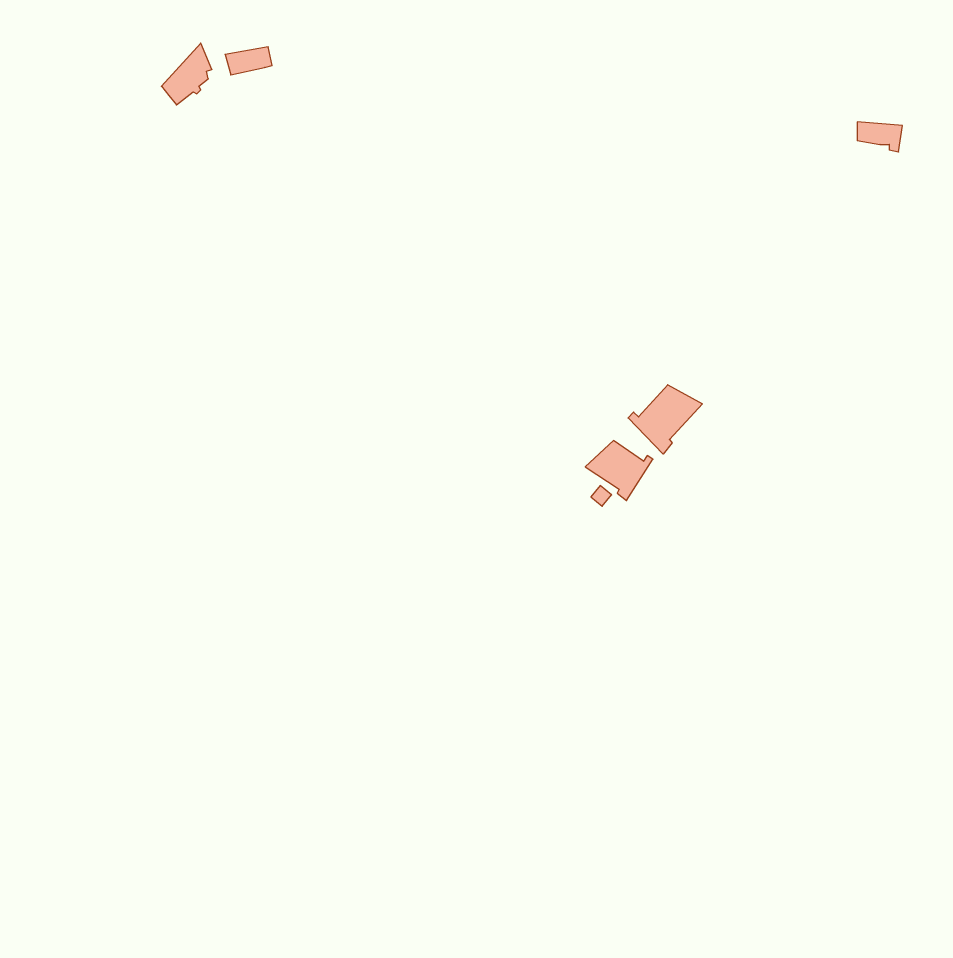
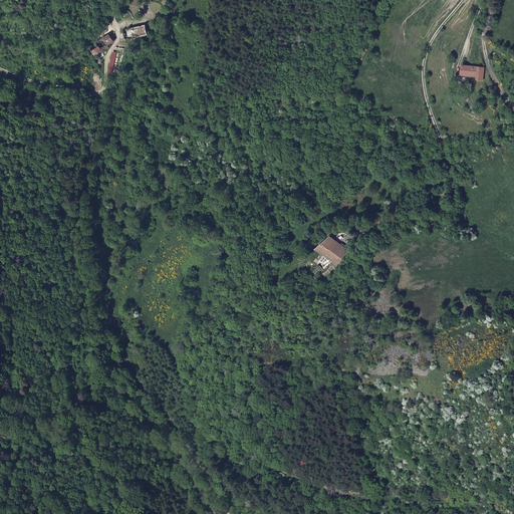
building: [628,385,702,454] -> none

